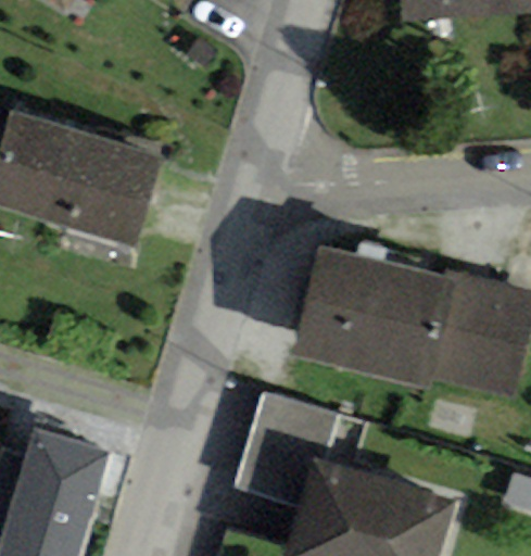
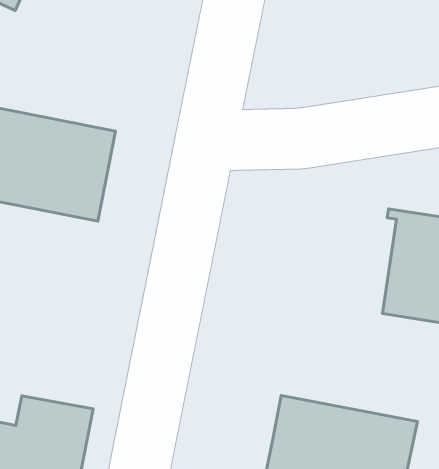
building: [293,244,455,388] -> none
building: [238,393,341,504] -> none

